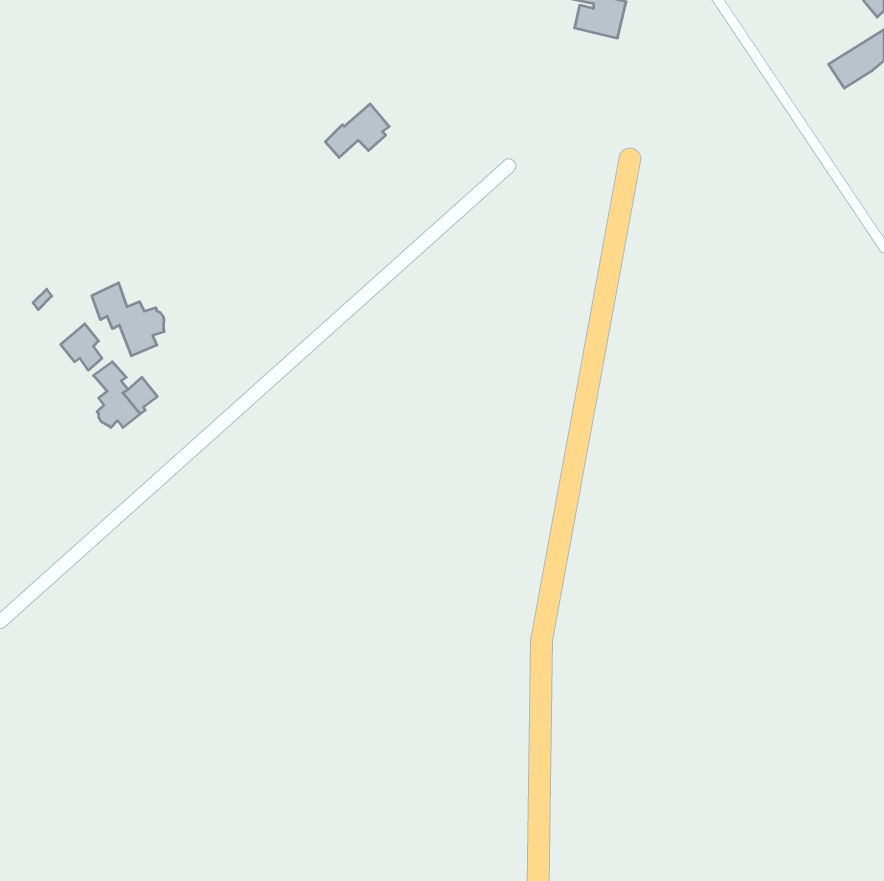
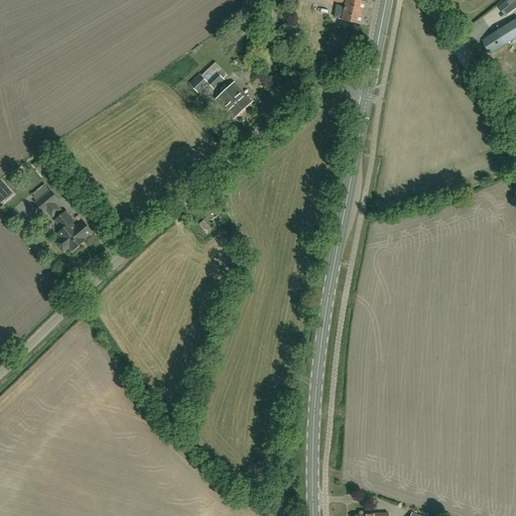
building: none -> [217,82,251,117]
building: [92,283,164,356] -> none

